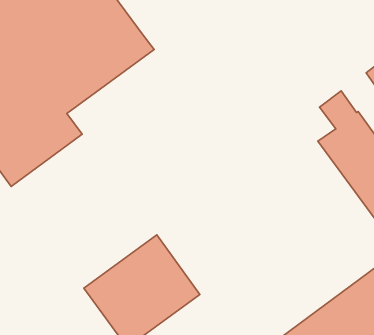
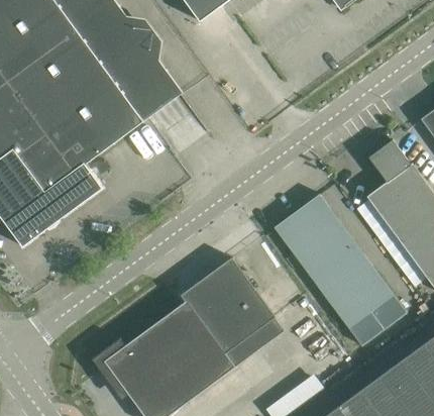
building: none -> [275,194,407,346]
building: none -> [181,257,285,368]

